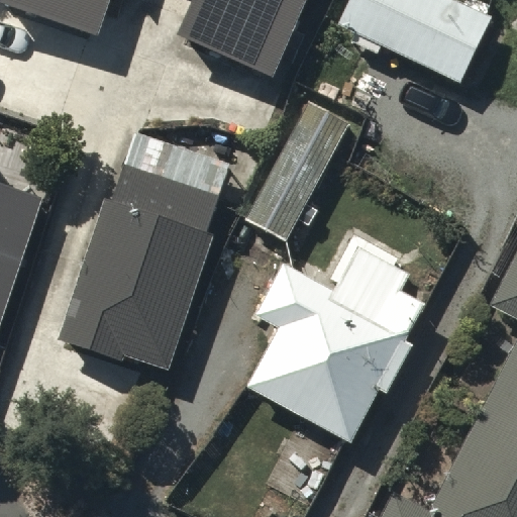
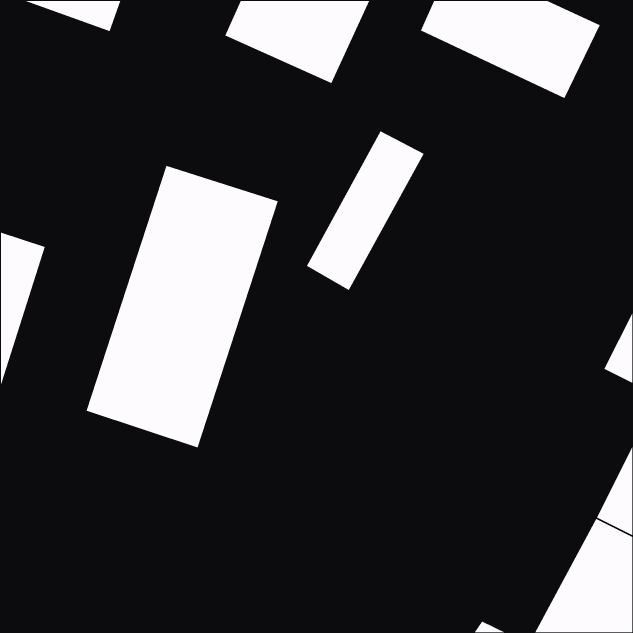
building: [253,253,423,439] -> none

